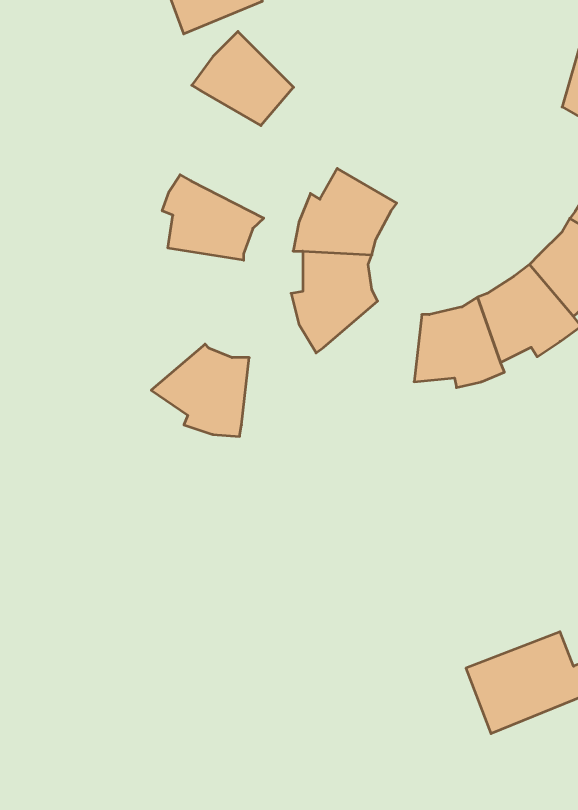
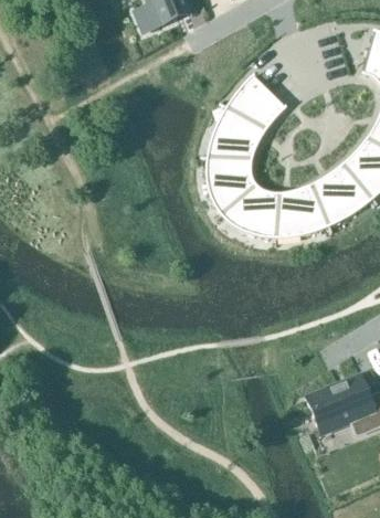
building: [192,31,294,126] -> [226,75,285,129]
building: [162,175,264,260] -> none
building: [151,344,249,436] -> [224,186,281,239]

